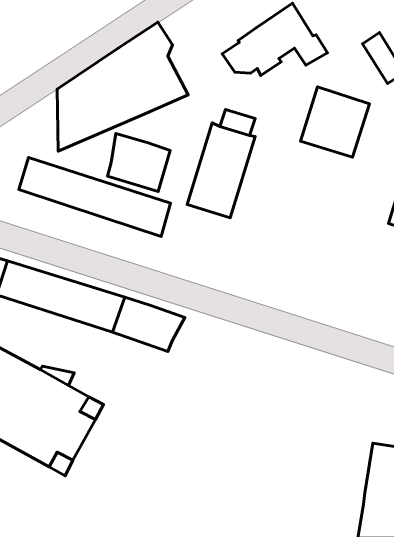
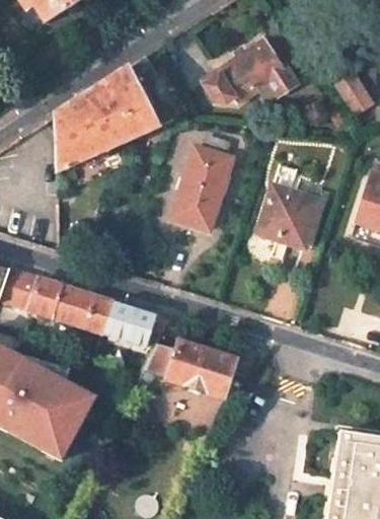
building: [301,87,370,157] -> [257,184,319,247]
building: [108,133,170,192] -> none
building: [19,158,170,237] -> none
building: none -> [134,340,236,397]

